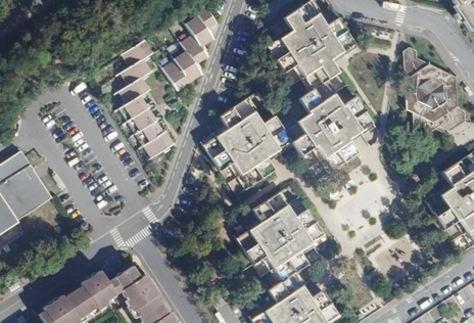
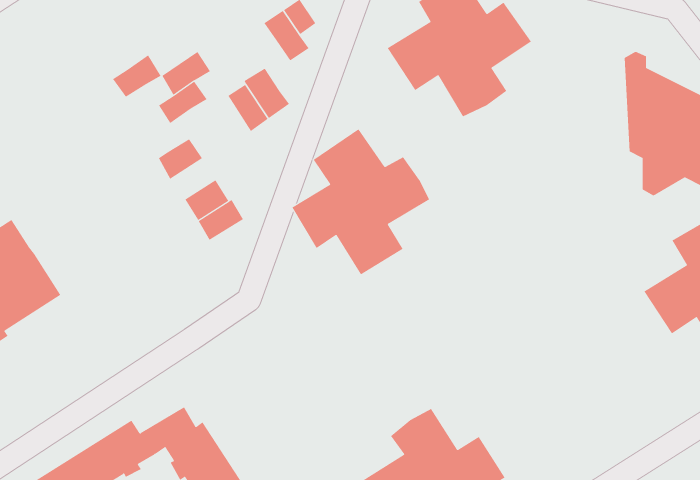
building: [179,38,206,70] -> none
building: [281,79,368,167] -> none
building: [116,81,147,107] -> [112,55,162,97]
building: [126,111,154,137] -> none
building: [231,186,320,274] -> none

